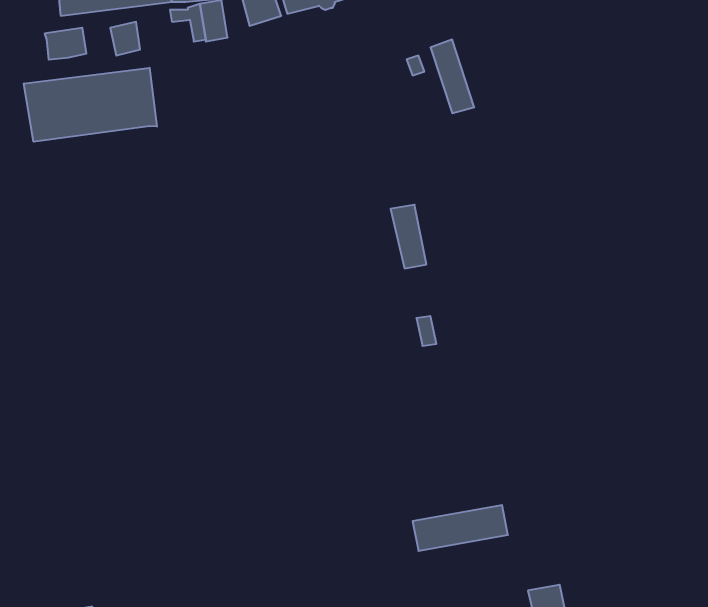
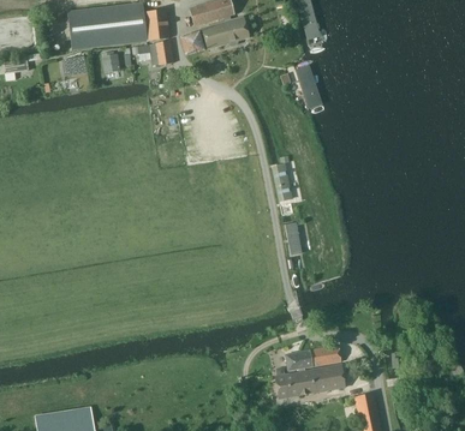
building: [24,68,157,142] -> none
building: none -> [274,364,346,400]

